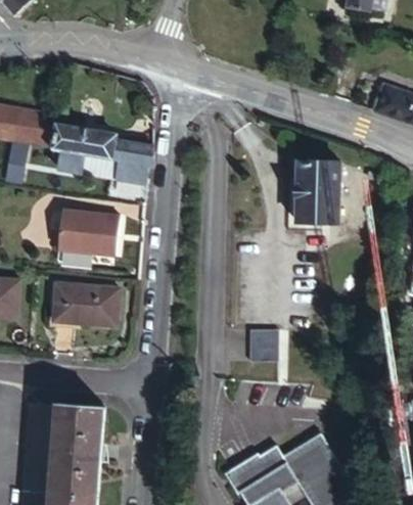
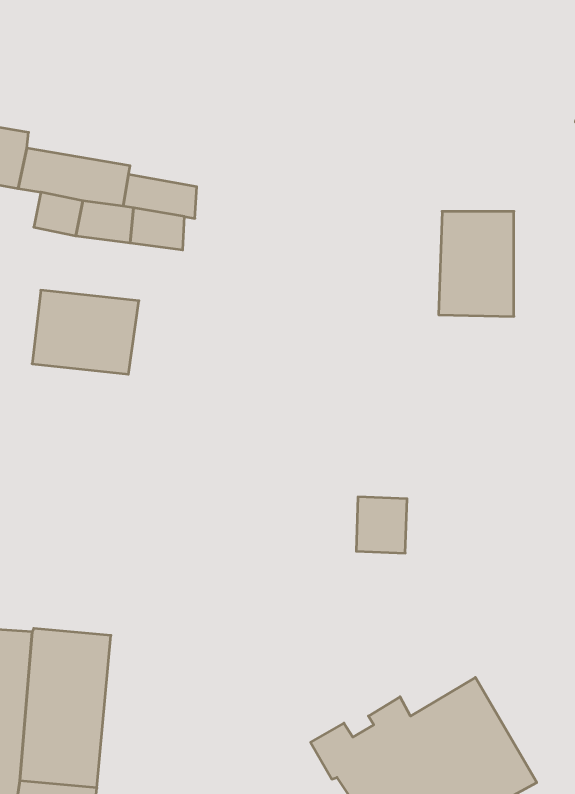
building: [55,284,120,326] -> none

